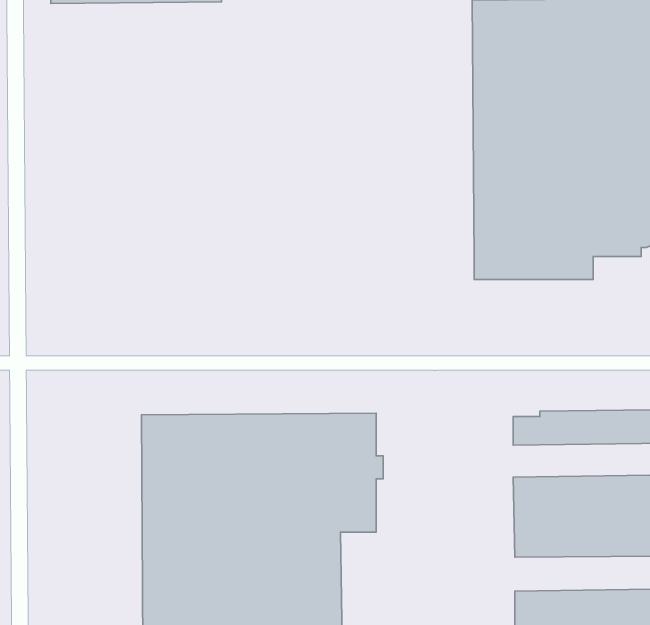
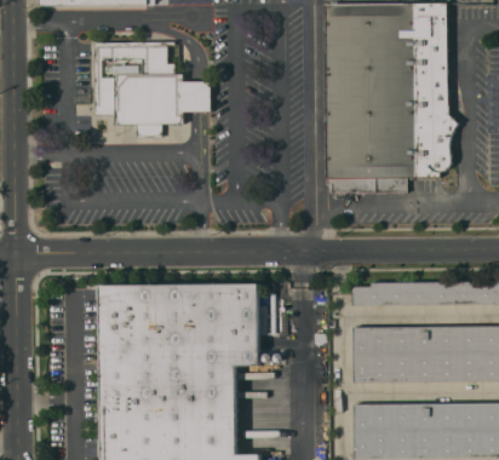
building: none -> [94,41,211,137]

